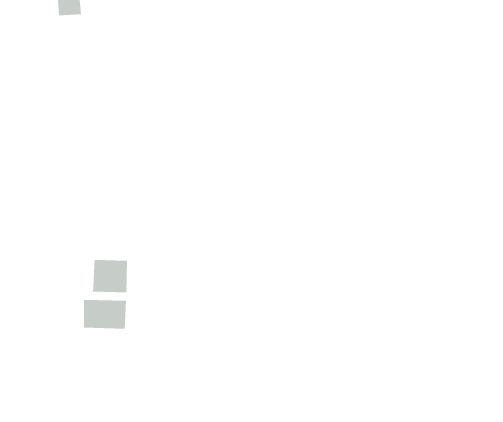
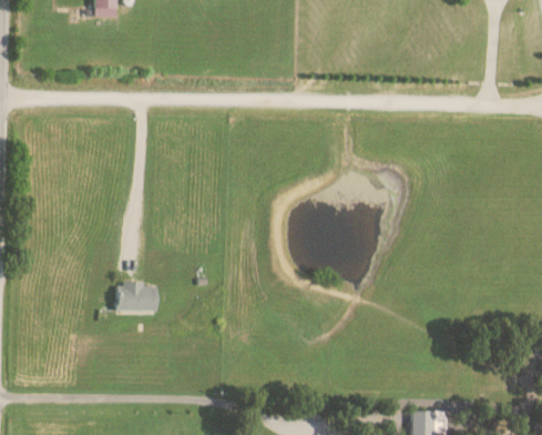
building: [93,259,128,293] -> none

